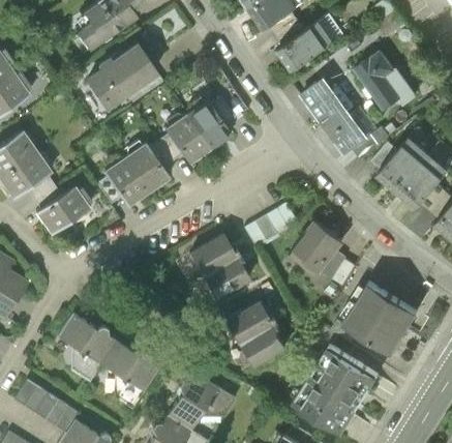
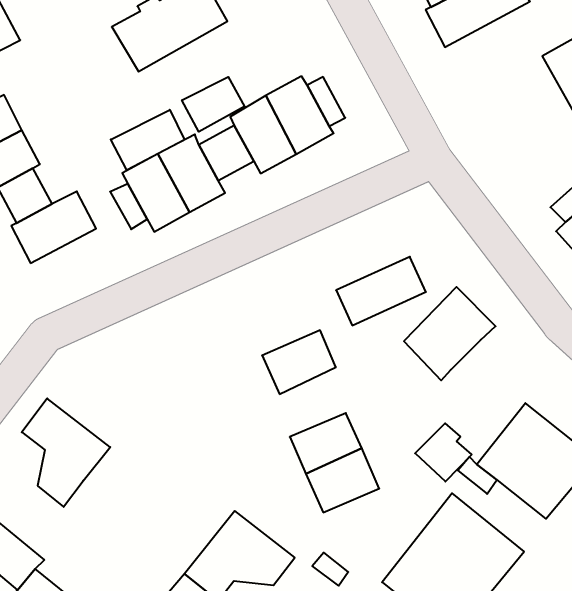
building: [300,81,363,154] -> none
building: none -> [182,77,245,132]
building: none -> [111,110,184,170]
building: [189,232,236,273] -> none
building: [320,248,355,285] -> [415,423,472,482]
building: [99,341,157,408] -> none

